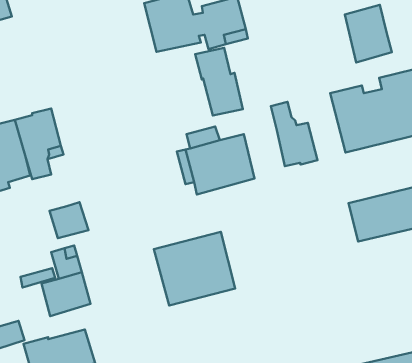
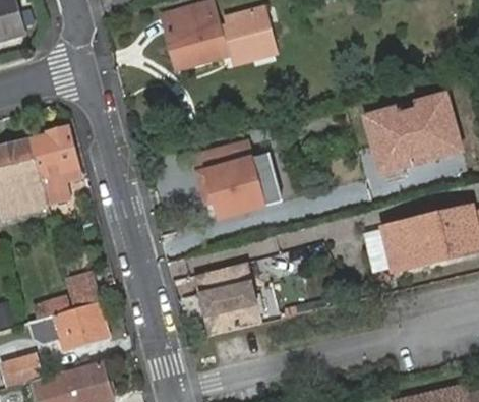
building: [345,5,392,62] -> none
building: [195,48,243,115] -> none
building: [271,102,317,166] -> none
building: [49,202,88,238] -> none

